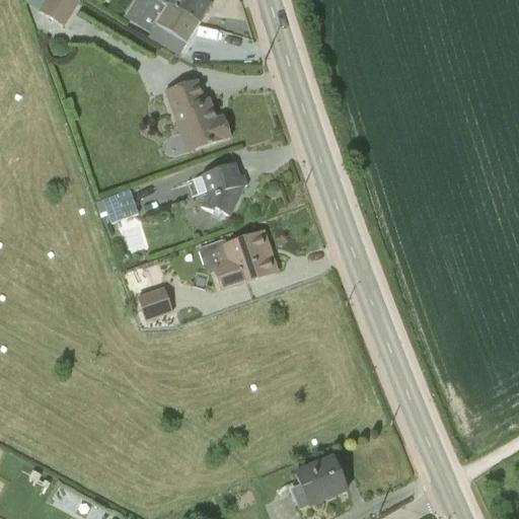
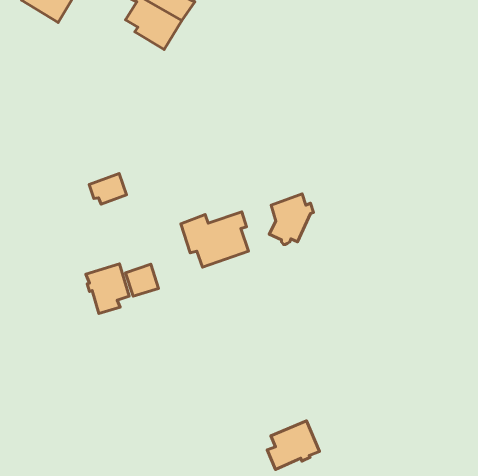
building: [165,77,230,152] -> none
building: [200,162,247,217] -> [269,194,313,245]
building: none -> [86,264,129,314]

